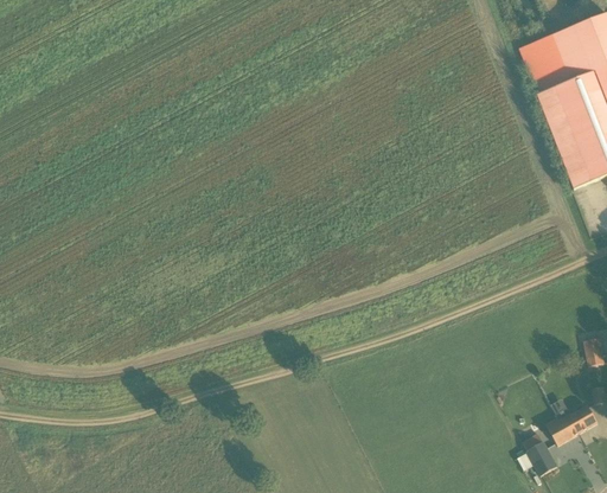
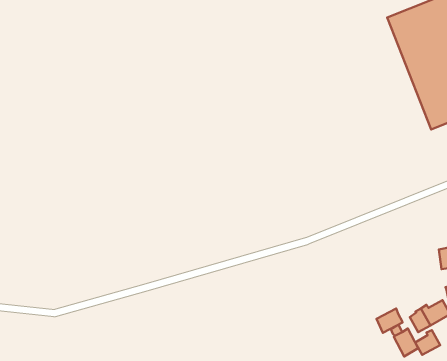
building: none -> [377,309,402,333]
building: none -> [415,330,440,355]

